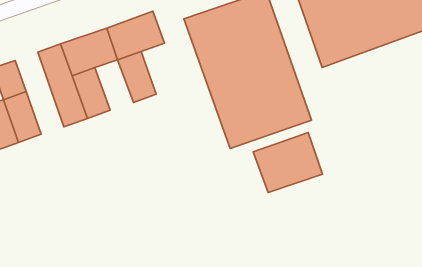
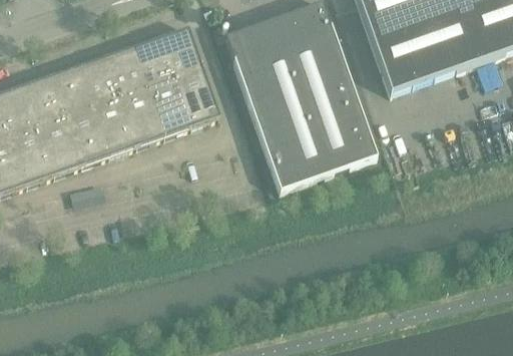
building: none -> [173,63,219,124]
building: none -> [23,74,81,172]
building: none -> [118,83,164,143]
building: [253,133,322,193] -> none

